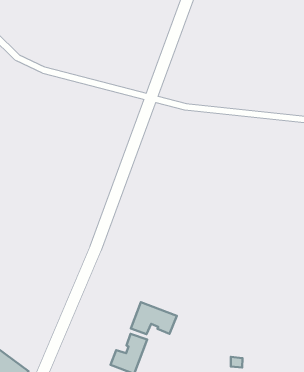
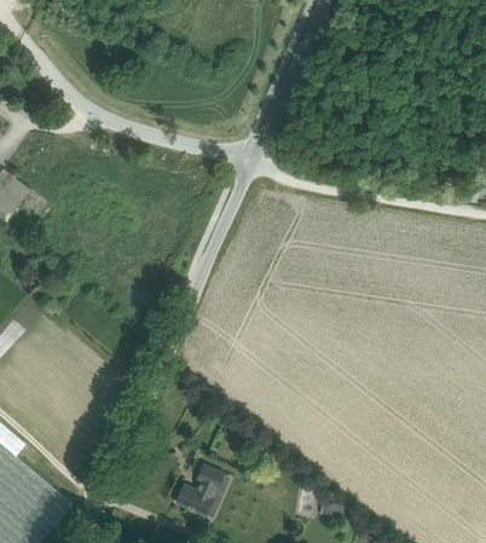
building: [131,302,177,334] -> none

